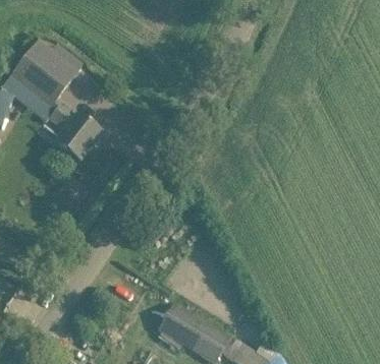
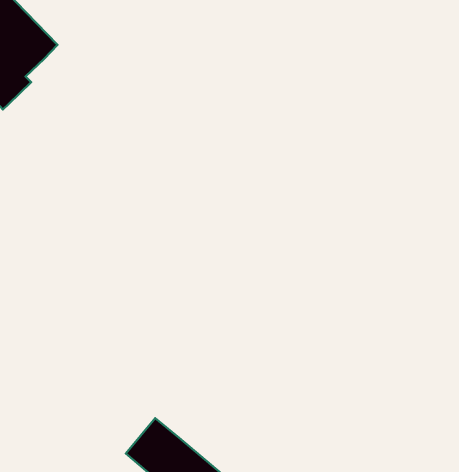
building: [50,101,103,160] -> none

